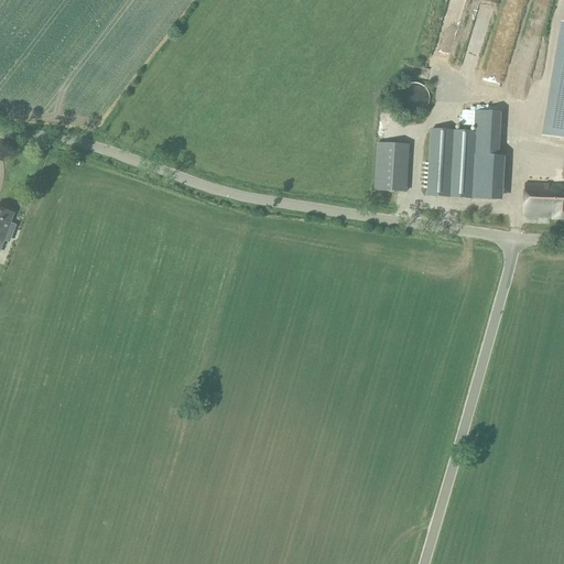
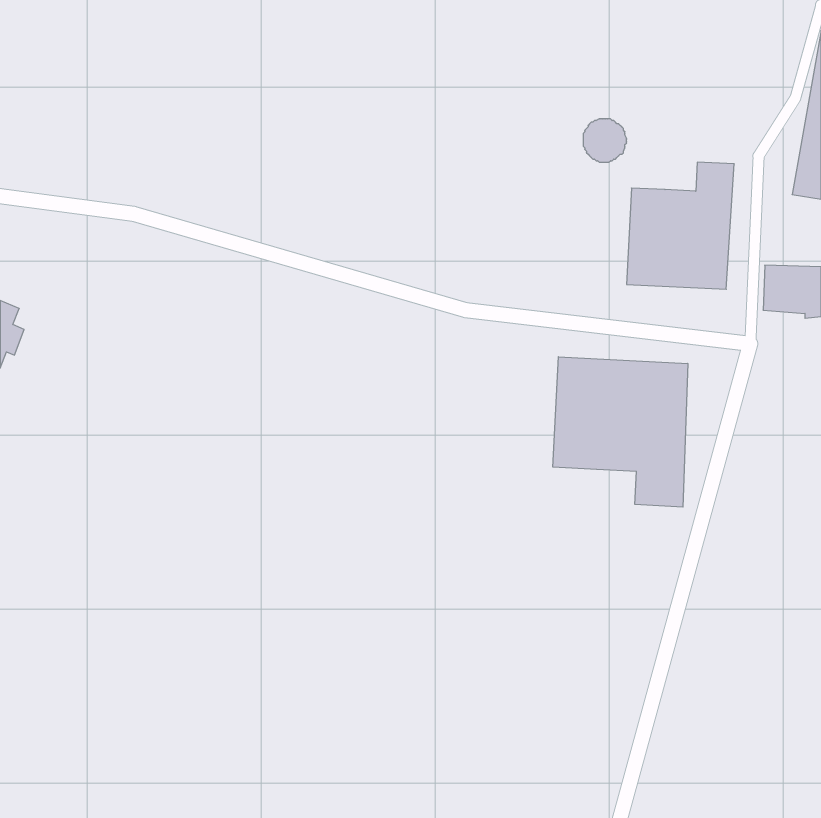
building: [376,142,409,189] -> none
building: none -> [553,357,688,507]

